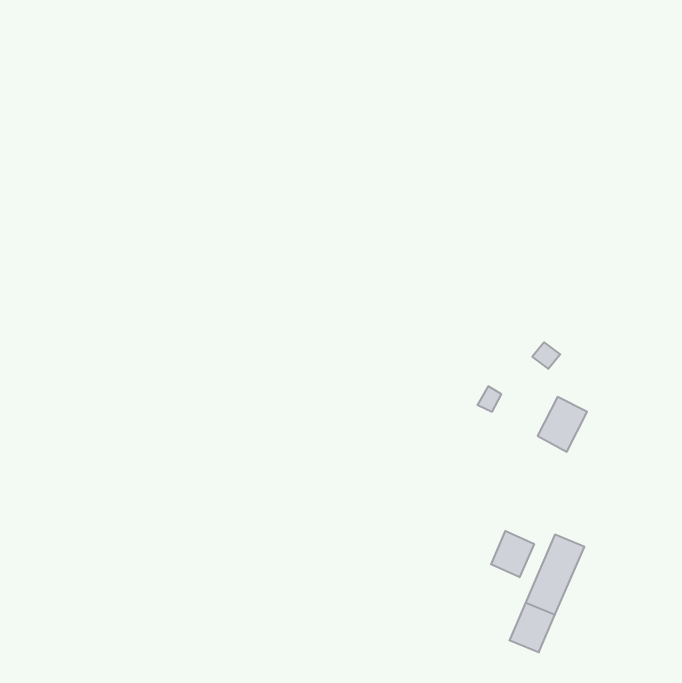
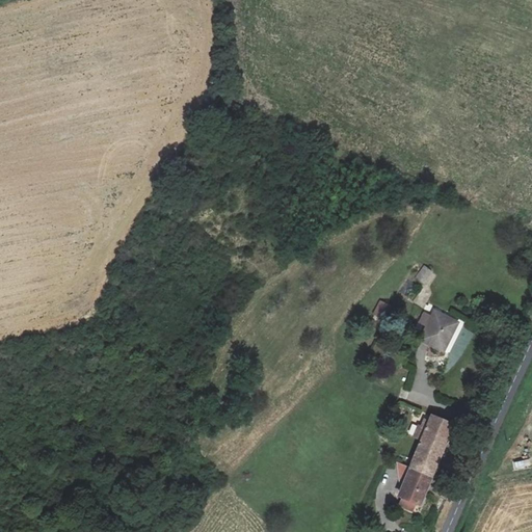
building: [491,531,534,577] -> none

